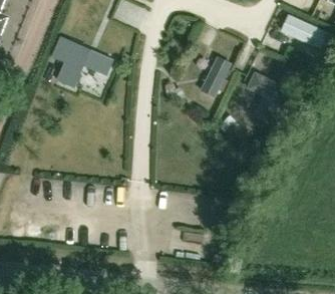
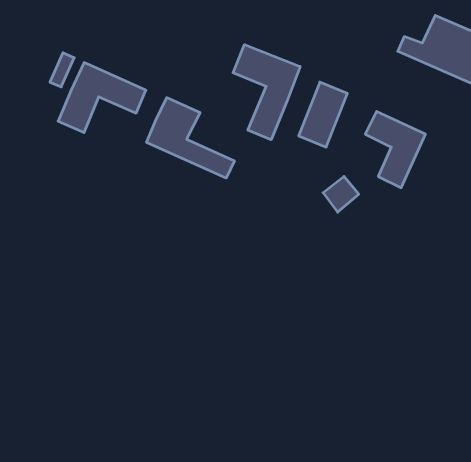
building: none -> [233,45,300,140]
building: none -> [147,98,234,178]

